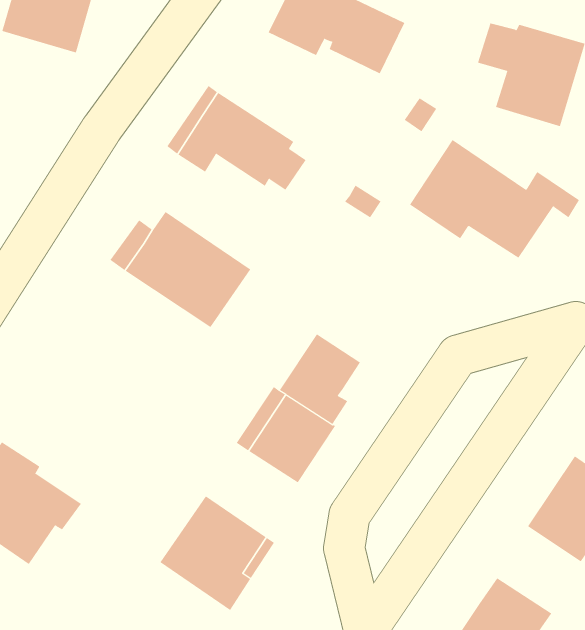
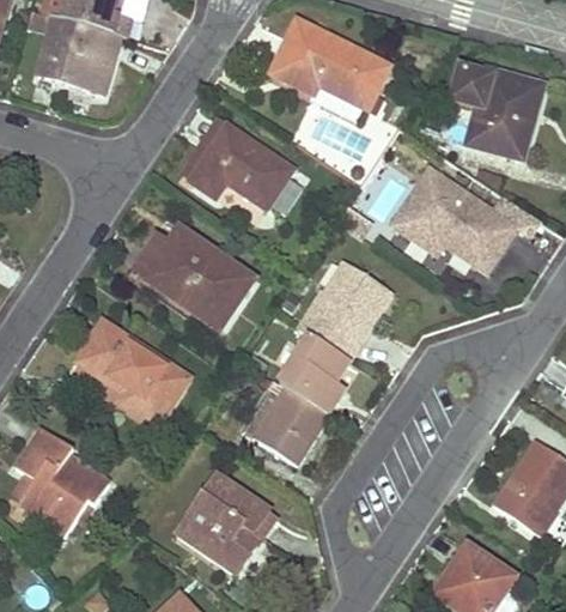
building: none -> [299,261,392,359]
building: none -> [77,321,189,425]

